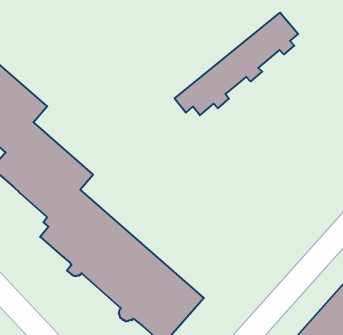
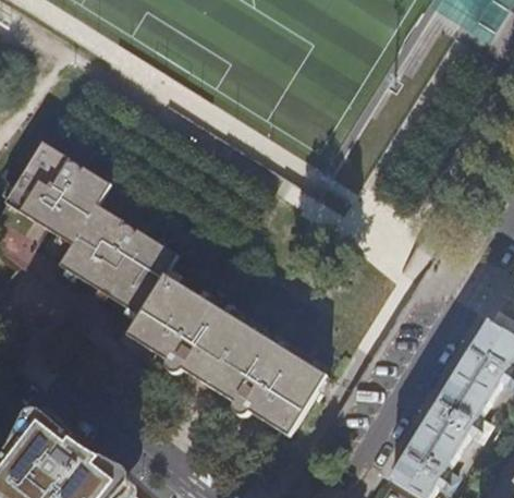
building: [175,13,298,115] -> none

